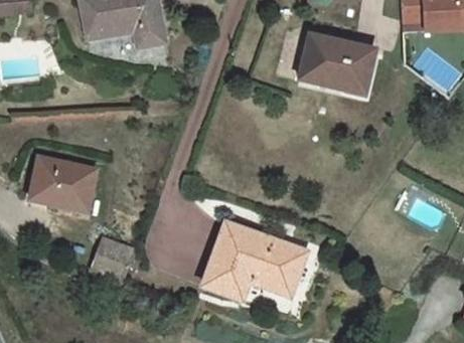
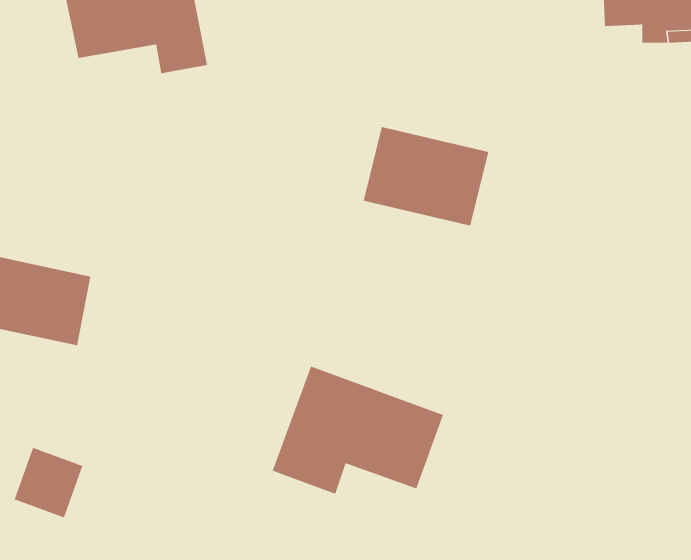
building: [299,35,374,95] -> [363,126,489,226]
building: [92,238,133,281] -> [14,447,83,518]

